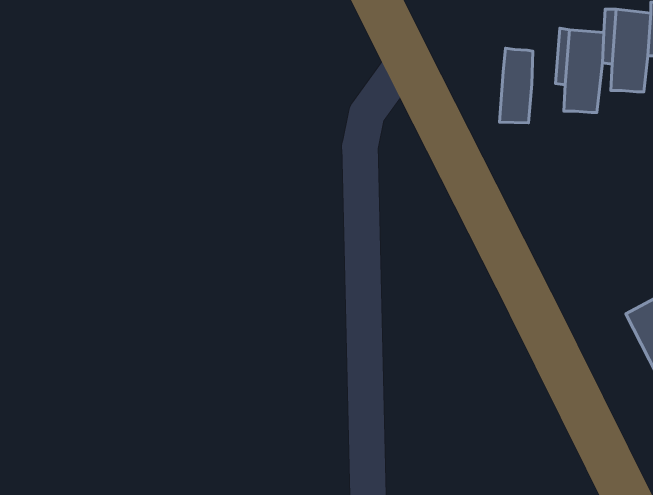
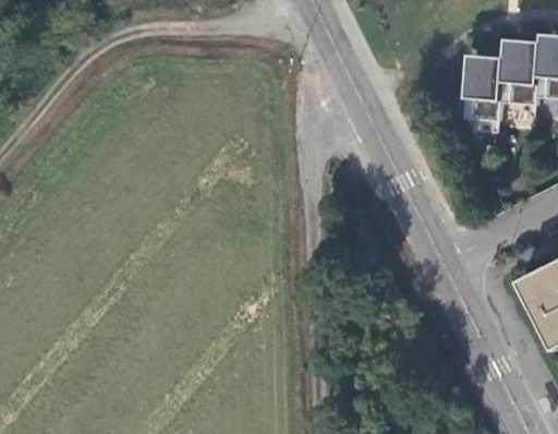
building: [499,48,533,123] -> none

